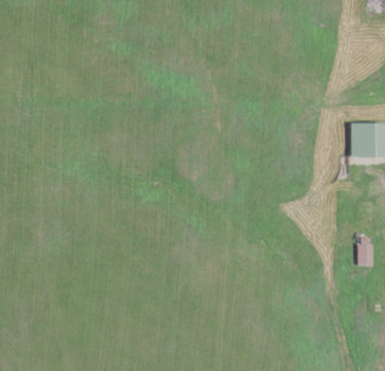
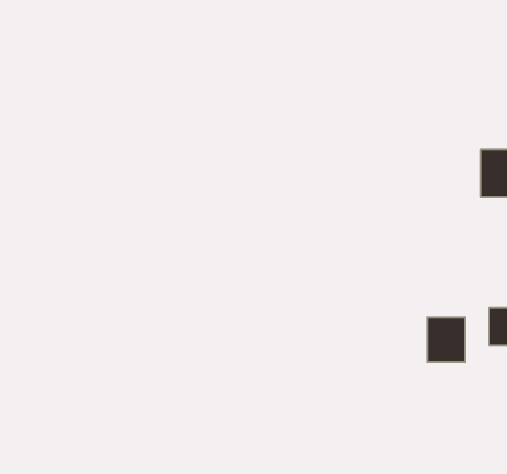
building: none -> [427,317,465,362]

